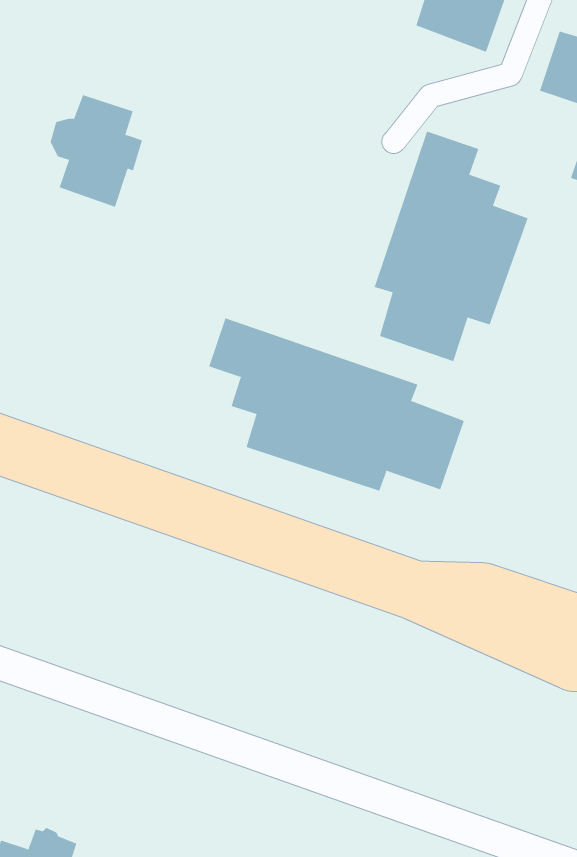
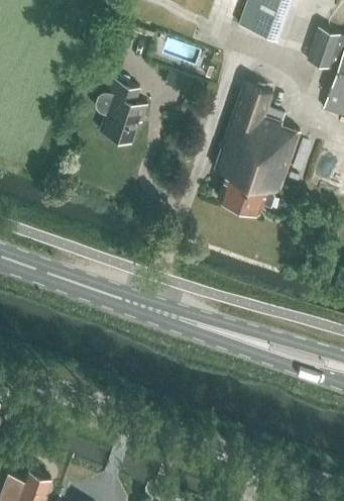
building: [50,95,143,207] -> [95,80,146,142]
building: [208,318,464,492] -> none

